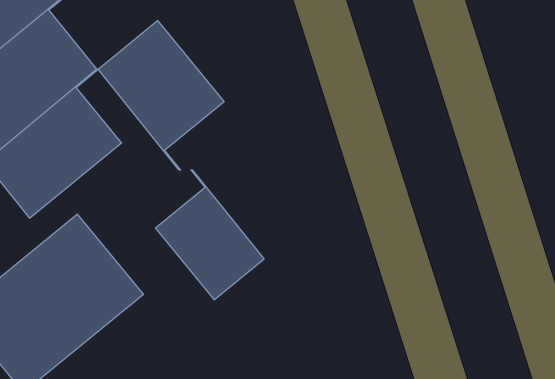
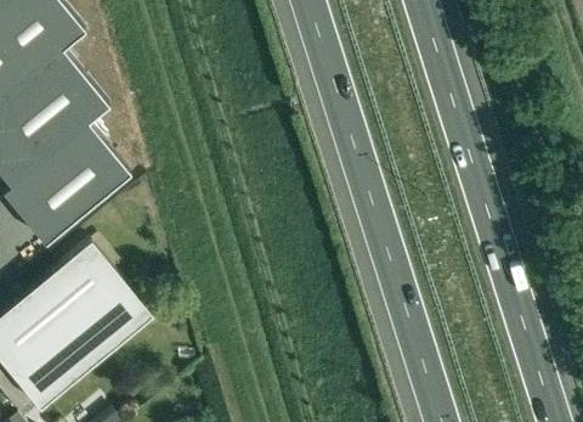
building: [98,21,224,170] -> none
building: [156,170,264,300] -> none

